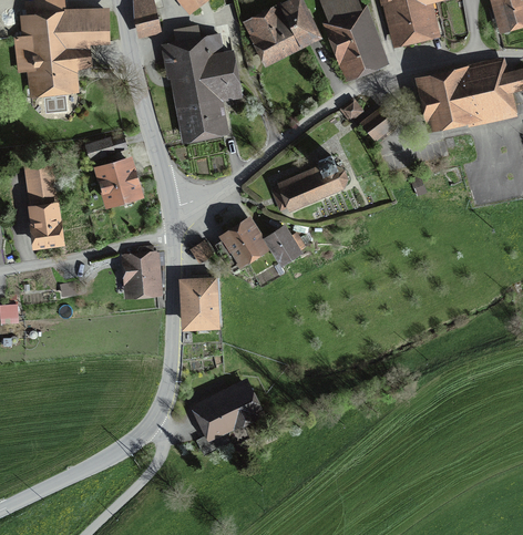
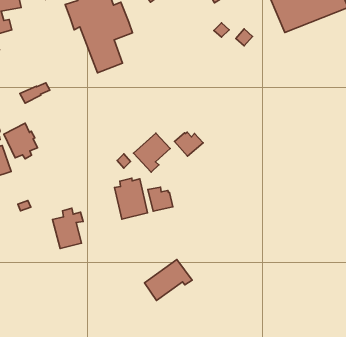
building: [278,156,346,210] -> none
building: [99,162,137,206] -> [4,123,37,159]
building: [125,246,163,294] -> [53,208,83,249]
building: none -> [148,187,173,211]

